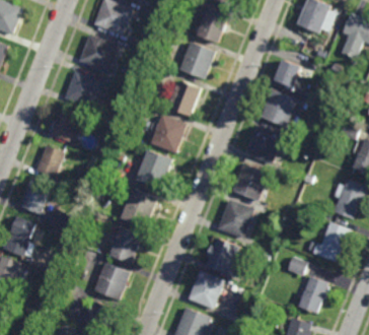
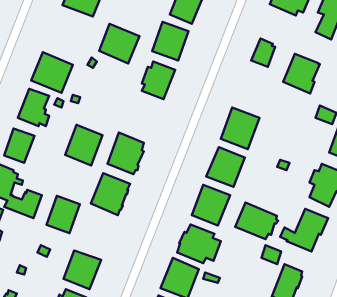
building: [78,34,118,72] -> [99,24,140,63]
building: [261,88,296,127] -> [283,54,320,93]
building: [150,114,187,153] -> [65,125,102,165]
building: none -> [235,203,278,239]
building: [109,226,142,263] -> [46,196,80,233]

